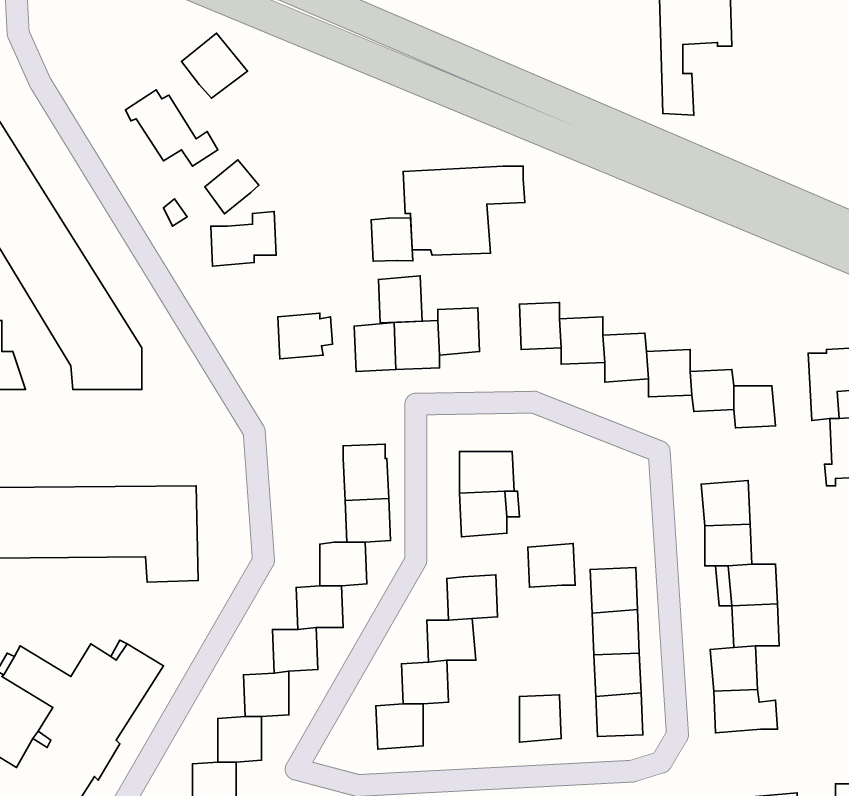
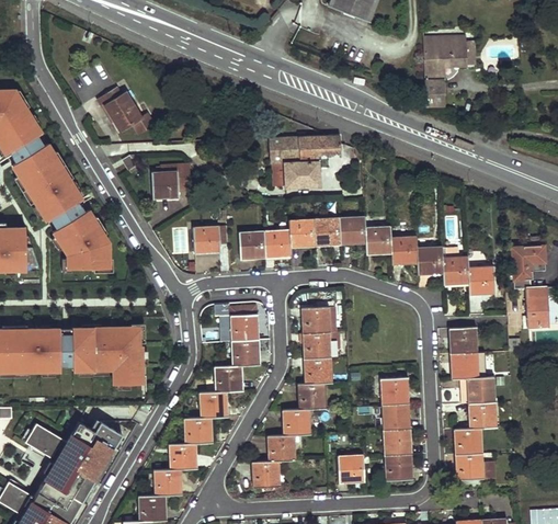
building: [182,33,248,98] -> none
building: [205,160,259,214] -> none
building: [371,218,413,261] -> none
building: [378,276,422,323] -> [312,219,339,248]
building: [528,543,575,587] -> [303,357,331,384]

